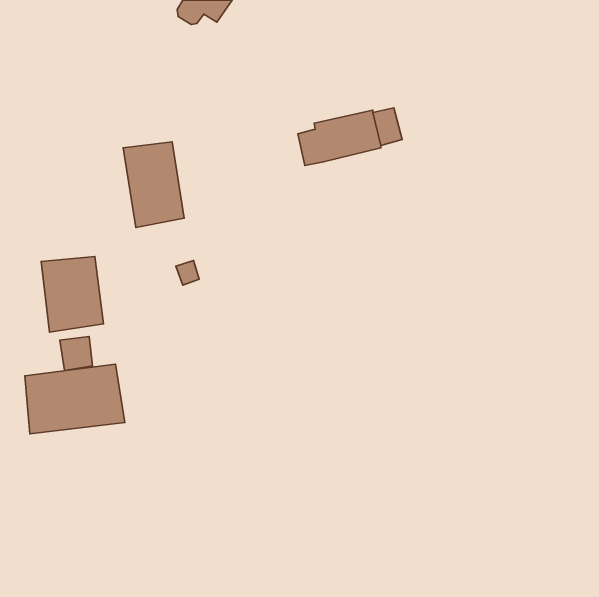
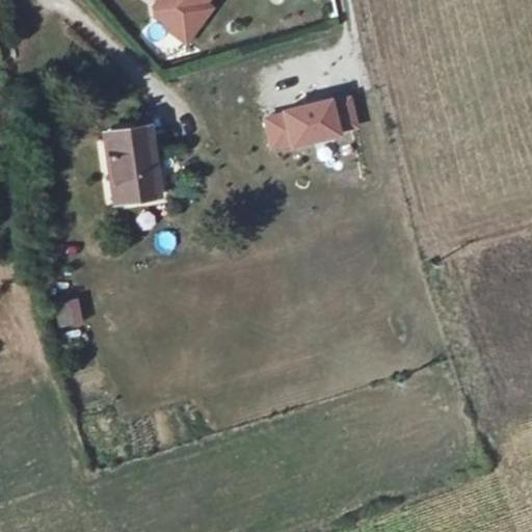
building: [41,256,104,332] -> none
building: [25,364,125,434] -> none

